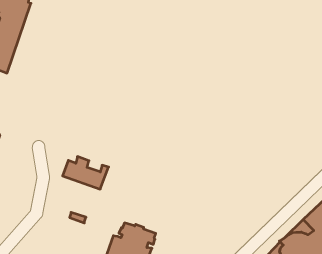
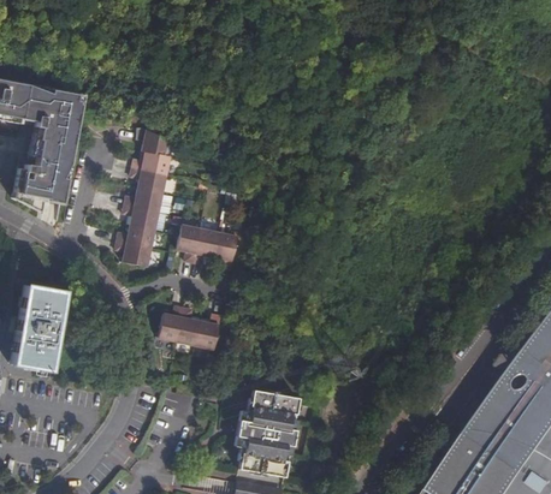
building: none -> [118,130,176,269]
building: none -> [180,222,241,269]

